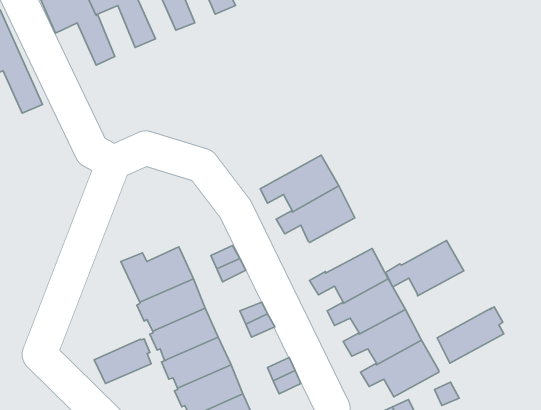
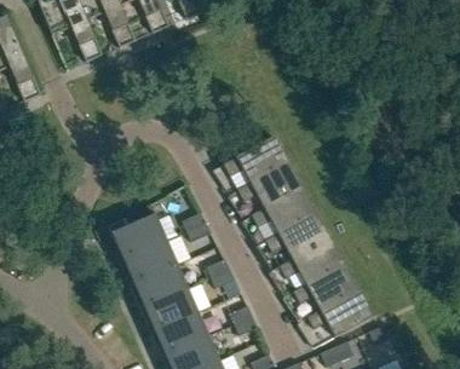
building: [385,240,464,296] -> [252,188,317,233]
building: [437,307,504,363] -> none
building: [94,339,151,384] -> none

